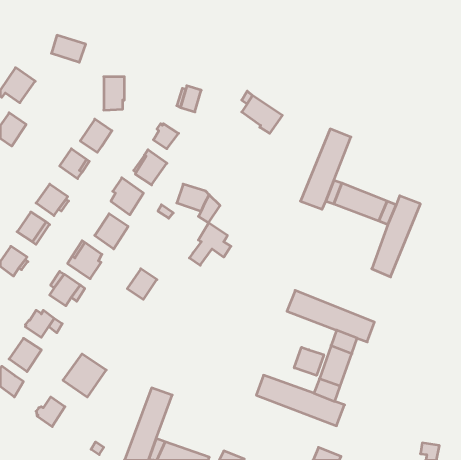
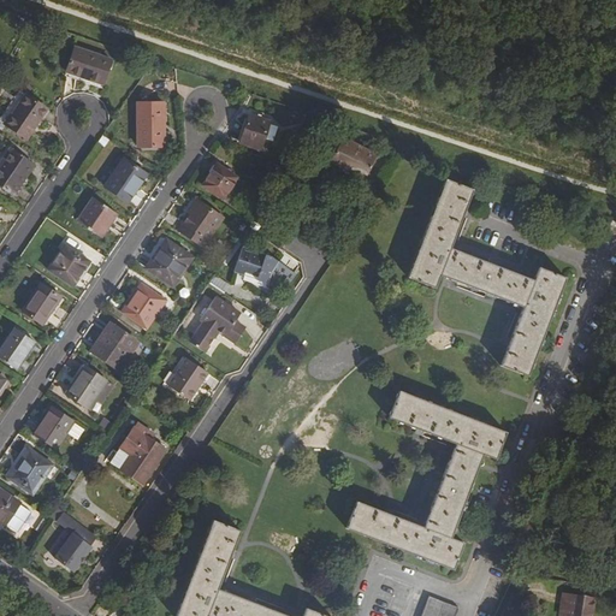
building: [189,223,231,265] -> [191,295,247,351]
building: [294,347,324,375] -> none
building: [63,354,106,397] -> [109,427,167,485]

